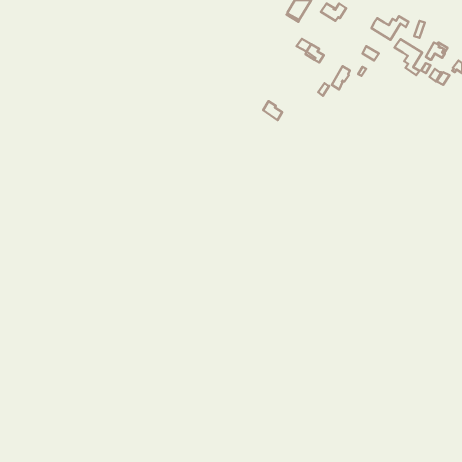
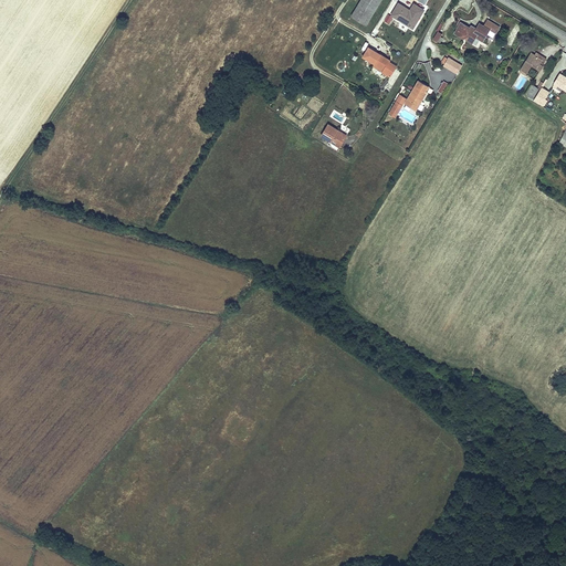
building: [395,39,422,75] -> none

